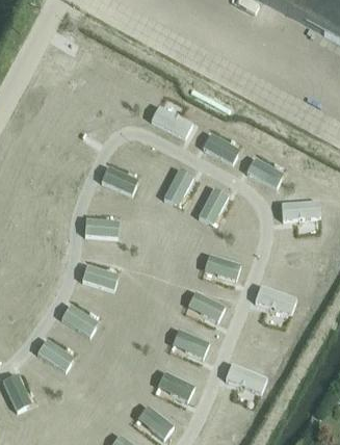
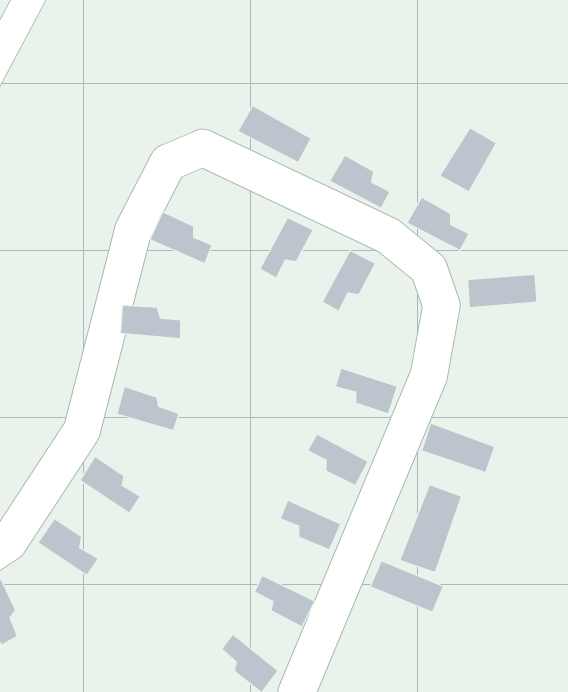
building: none -> [440,128,496,192]
building: none -> [400,484,461,572]

